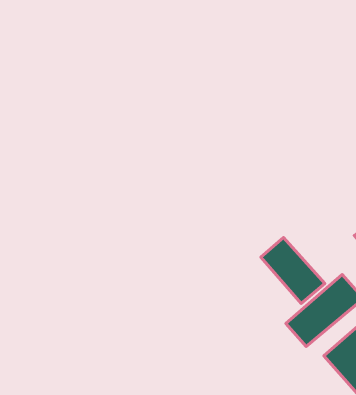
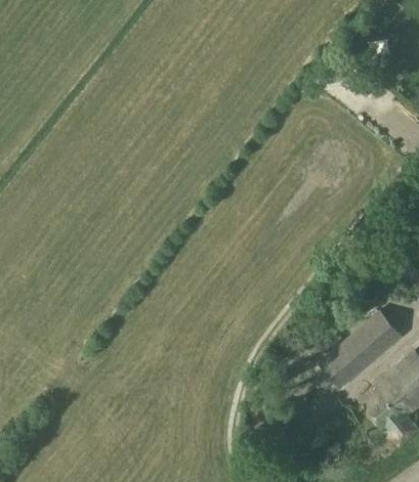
building: [261,238,325,304] -> none

